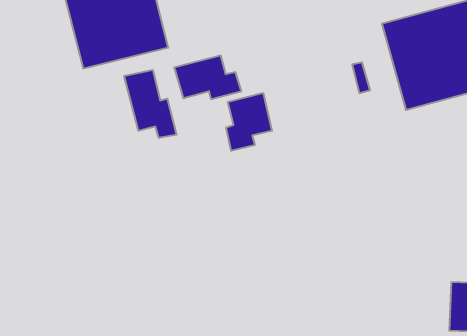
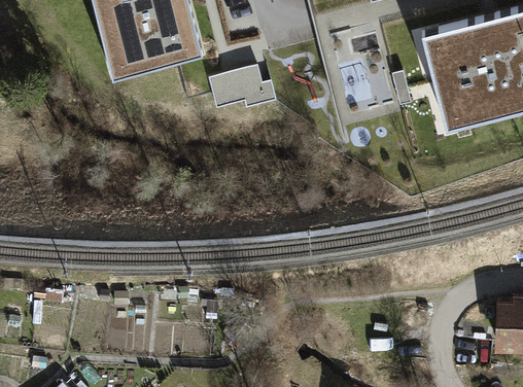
building: [124,70,177,138] -> none
building: [226,93,272,151] -> none

